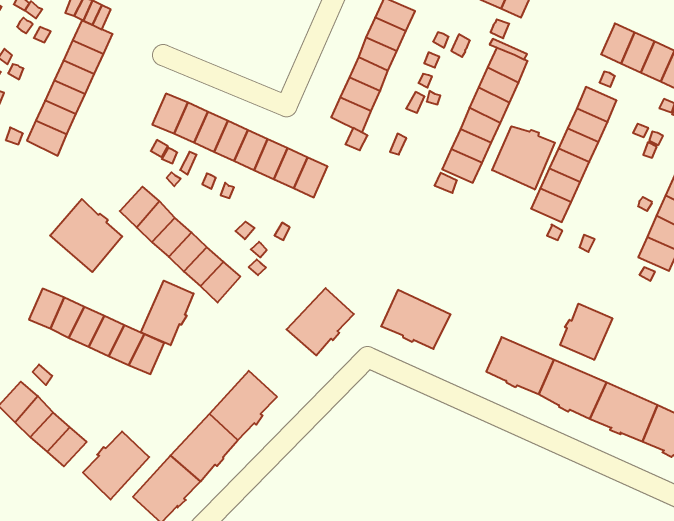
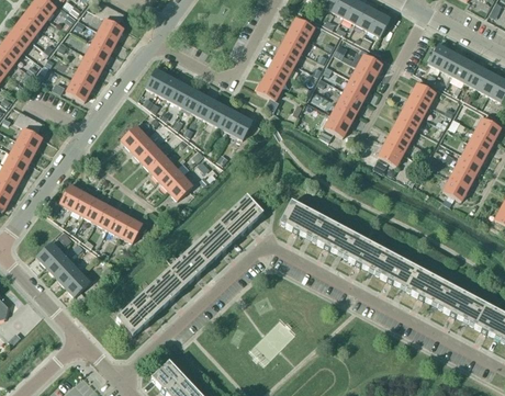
building: [492,126,555,190] -> none
building: [50,199,122,272] -> none
building: [141,281,194,345] -> none
building: [560,304,612,360] -> none
building: none -> [311,217,354,254]
building: none -> [194,219,237,261]
building: [83,431,149,500] -> none

